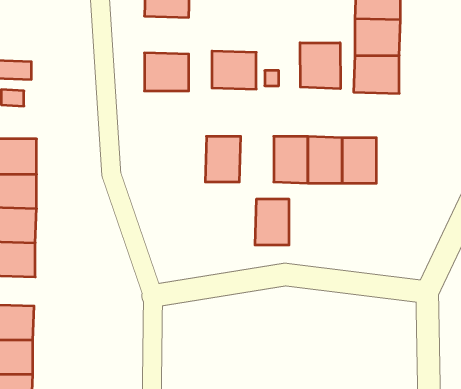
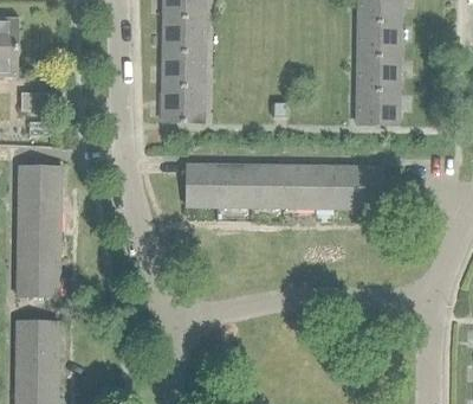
building: [300,43,340,89] -> none
building: [212,51,256,89] -> [162,52,203,88]
building: none -> [187,163,220,207]
building: [255,199,289,245] -> [251,165,283,207]

